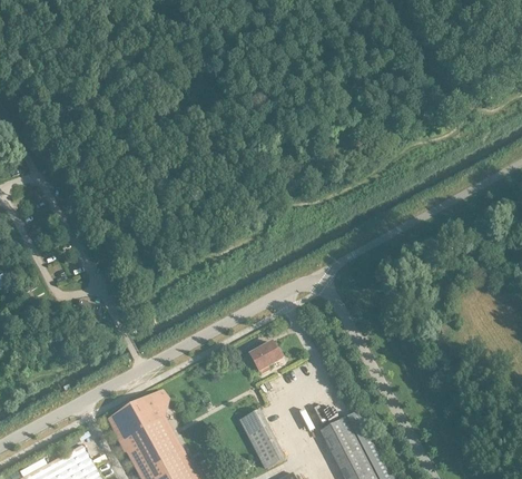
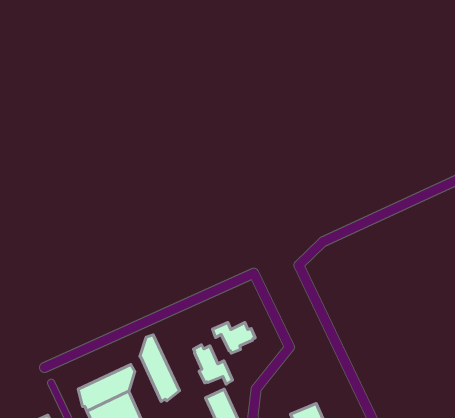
building: none -> [140,335,179,401]
building: none -> [194,345,233,384]

